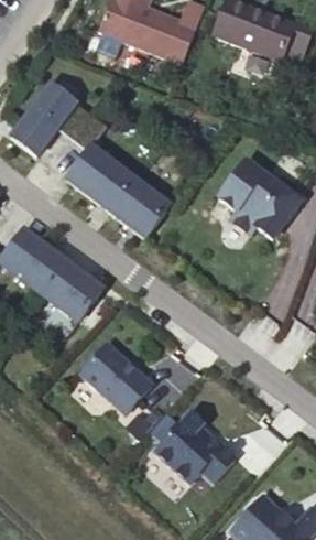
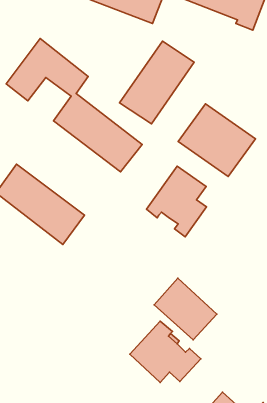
building: none -> [120,41,194,124]
building: none -> [146,166,206,237]
building: [80,342,153,413] -> [154,278,217,340]

